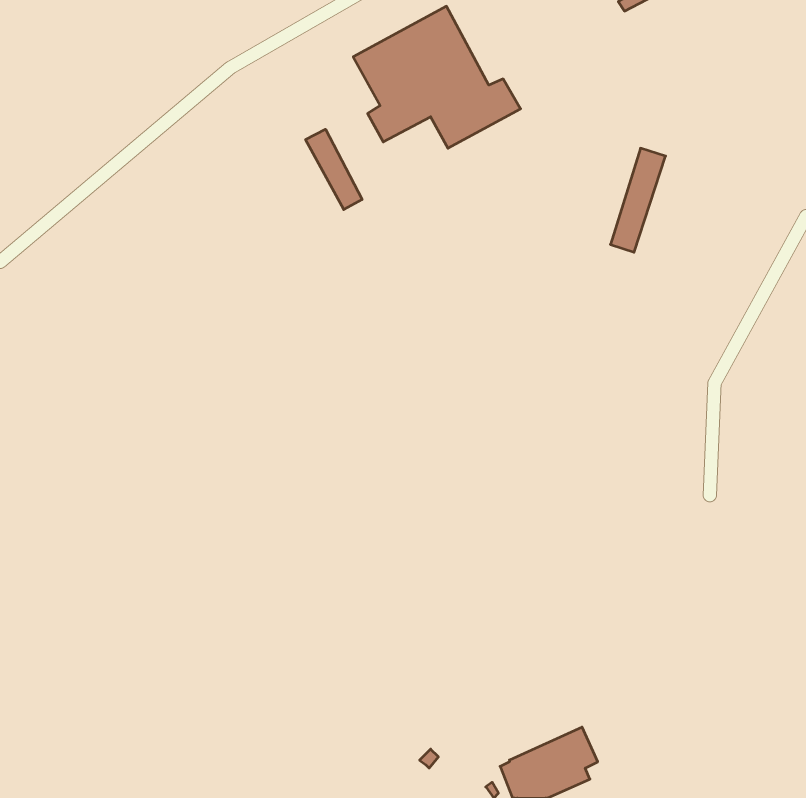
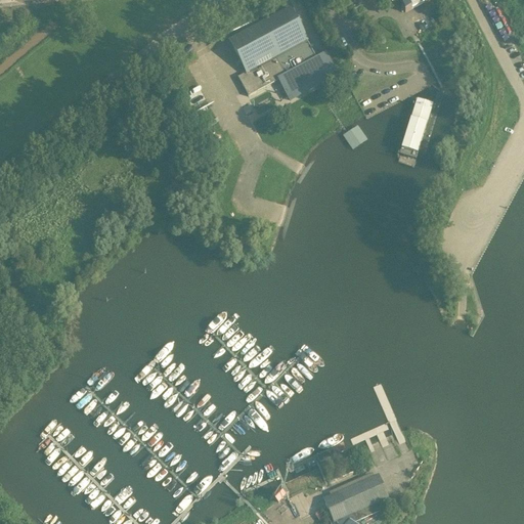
building: [306,129,362,210] -> none

